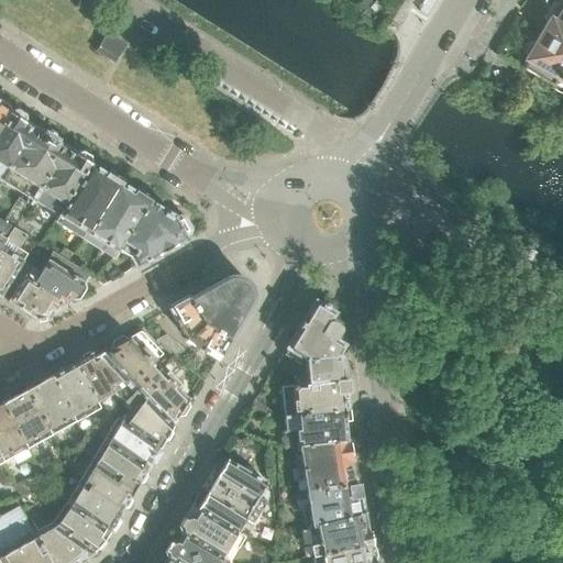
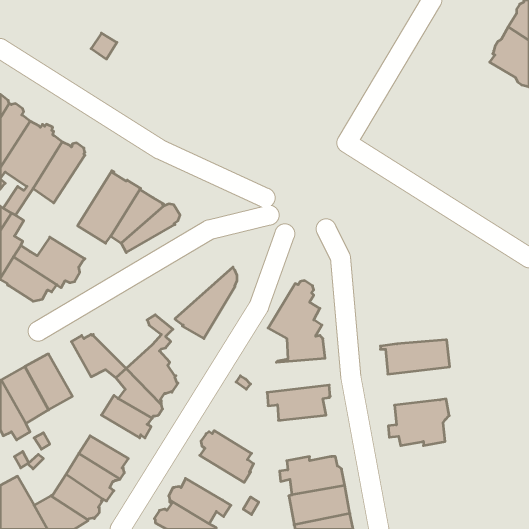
building: [54,165,119,240] -> none
building: [168,276,247,339] -> none
building: [99,332,162,391] -> none
building: [52,363,101,421] -> none
building: [276,380,350,417] -> [380,340,450,374]
building: [291,440,356,489] -> [388,399,449,446]
building: [96,441,148,487] -> none
building: [194,484,260,531] -> none

